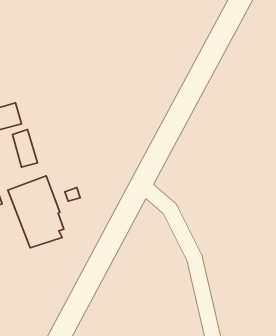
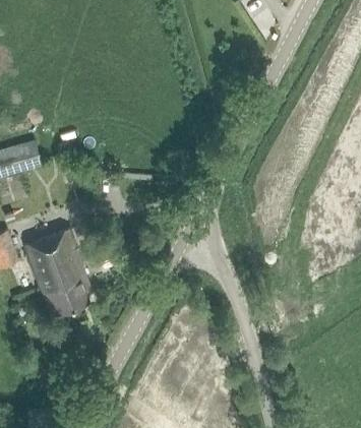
building: [12,130,37,167] -> none

